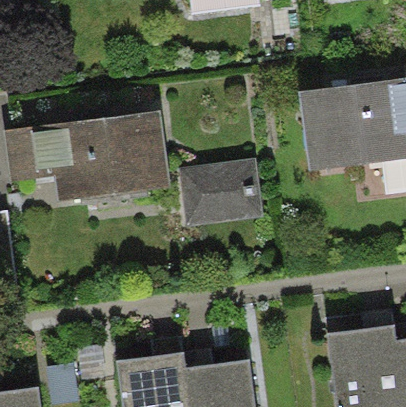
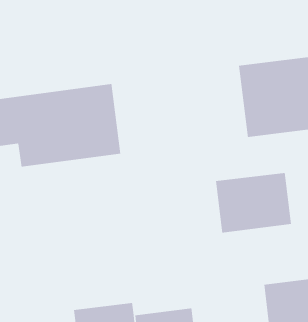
building: [179,158,264,225] -> [215,173,292,233]

